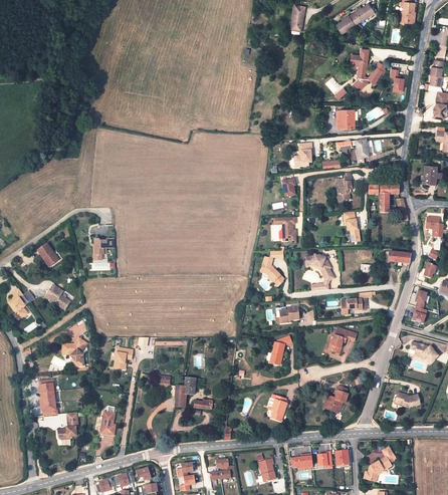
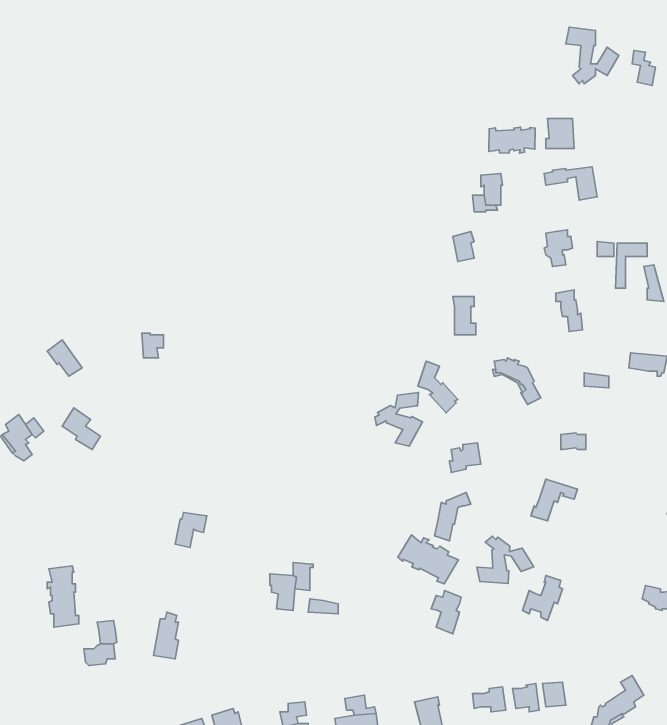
building: none -> [489,127,535,153]
building: none -> [375,393,422,446]
building: [62,336,87,365] -> none
building: none -> [398,535,459,584]
building: none -> [477,536,534,583]

